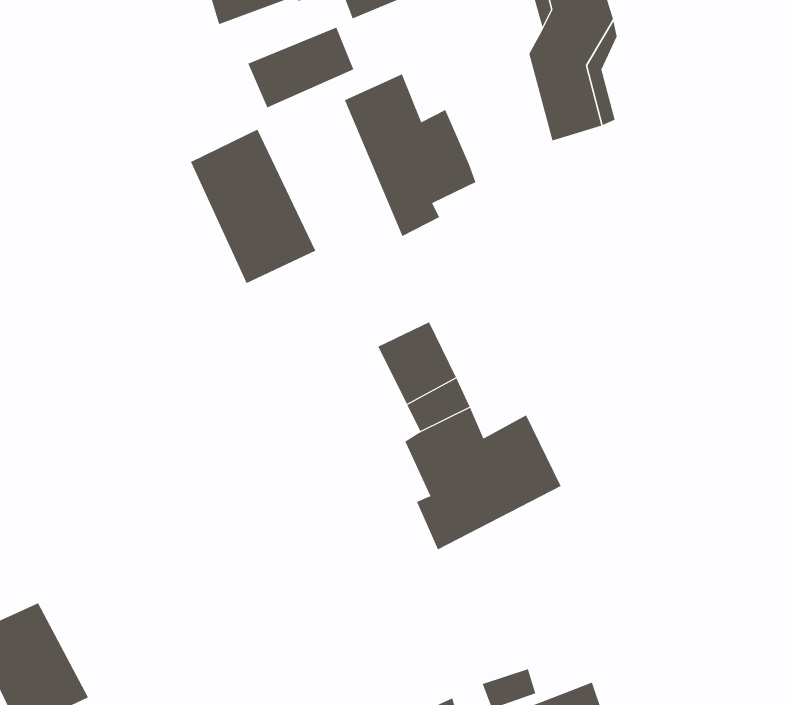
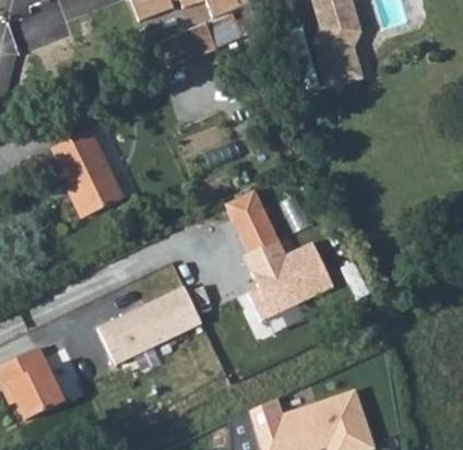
building: [344,74,476,237] -> none
building: [190,129,316,284] -> [51,129,122,216]
building: none -> [95,285,201,365]

